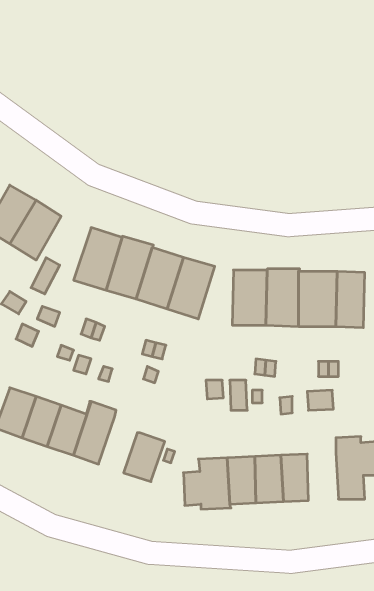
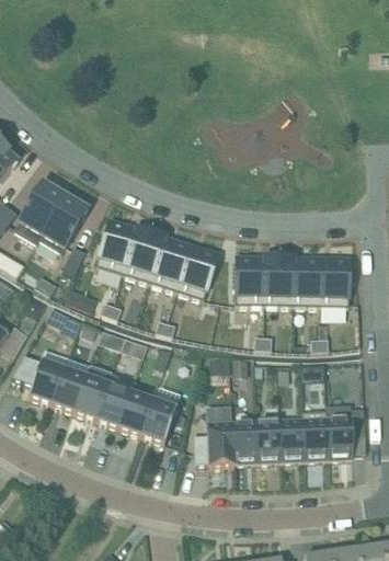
building: none -> [118,386,155,435]
building: none -> [300,410,329,459]

